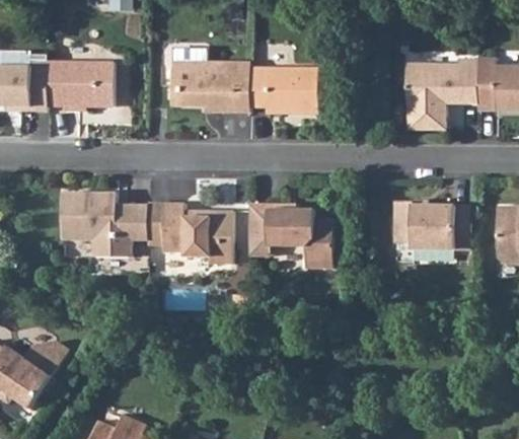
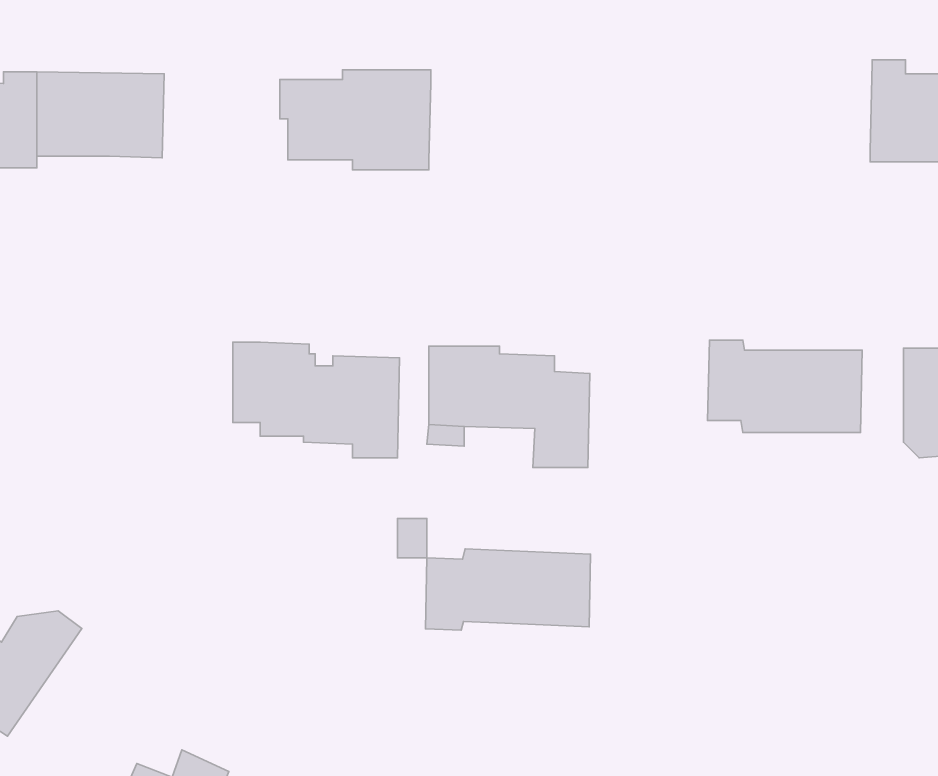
building: [404,59,478,130] -> none
building: [249,69,318,115] -> none
building: [63,190,148,254] -> none
building: none -> [426,549,591,630]

